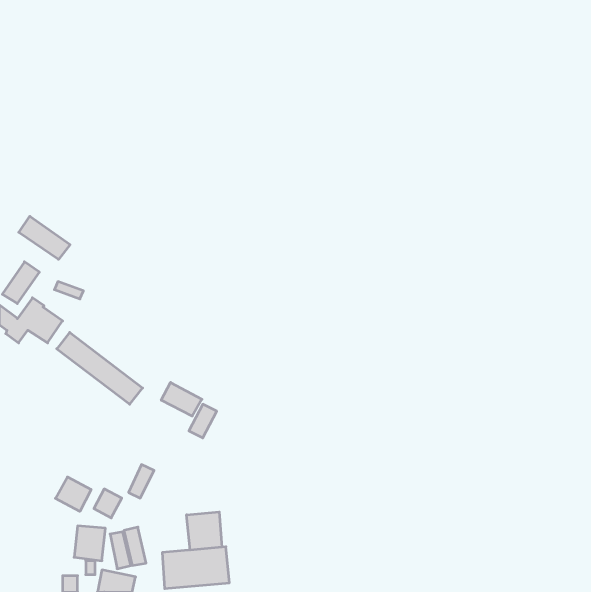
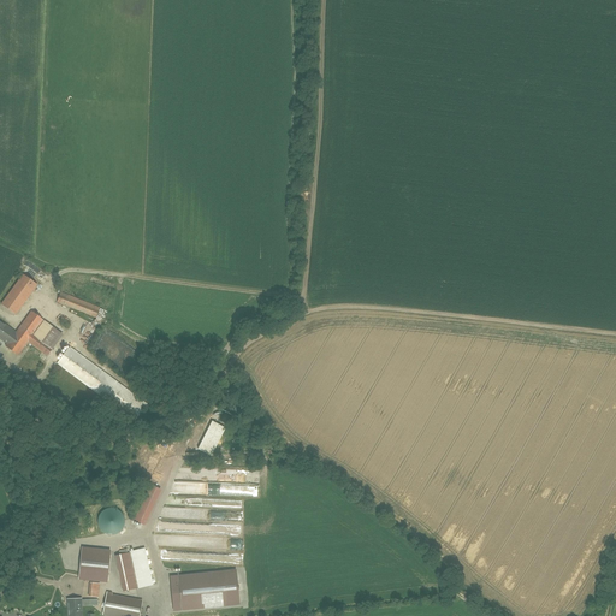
building: [19,216,70,259] -> none
building: [161,382,202,416] -> none
building: [55,477,91,511] -> none
building: [187,512,222,550] -> none

